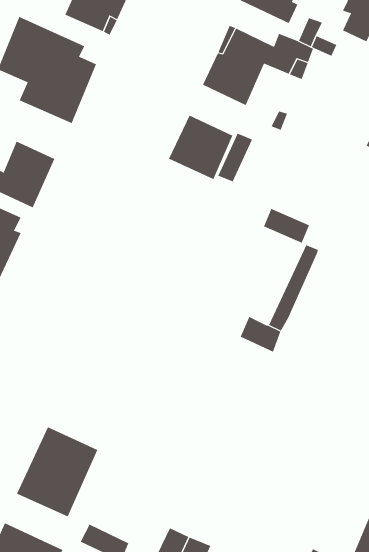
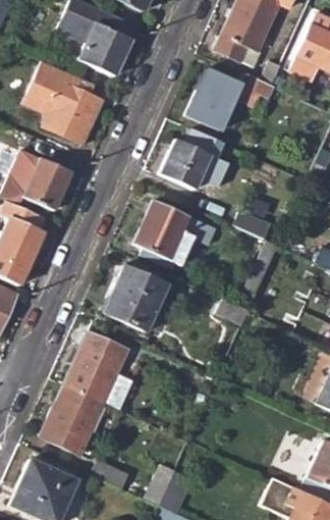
building: none -> [132,199,195,268]
building: none -> [102,265,166,331]
building: none -> [64,331,134,411]

